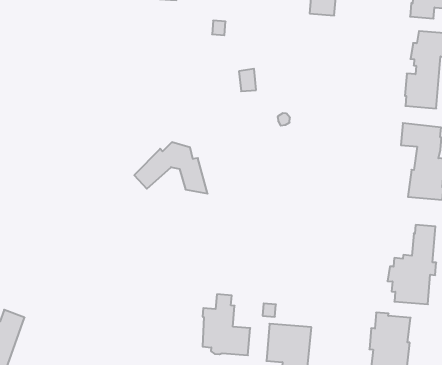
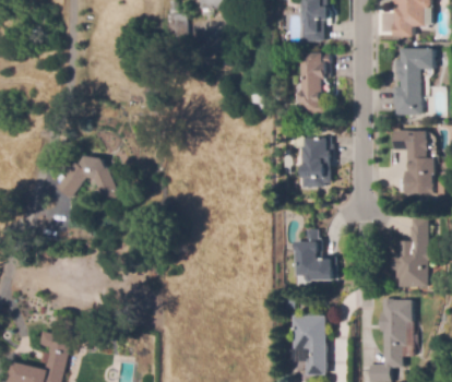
building: none -> [295,52,329,116]
building: none -> [300,138,331,187]
building: [134,142,208,194] -> [56,155,121,198]
building: [203,294,250,355] -> [294,229,336,282]

